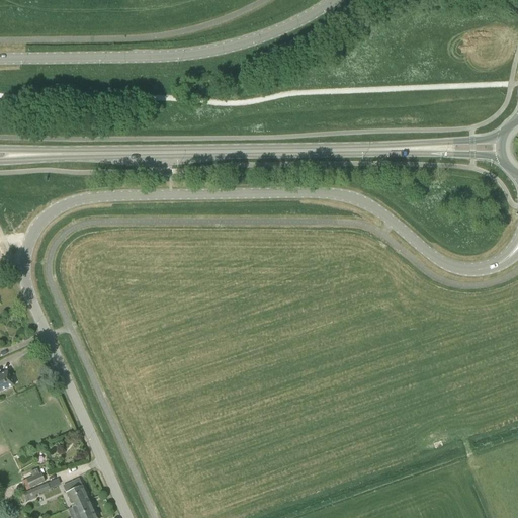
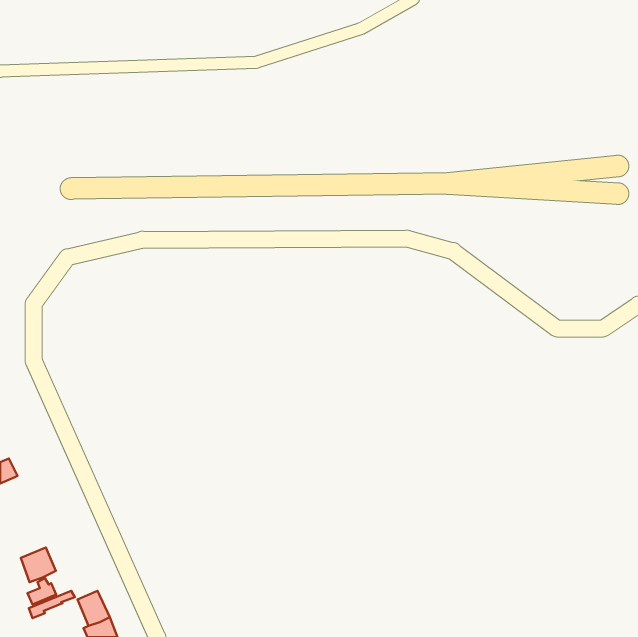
building: none -> [21,547,56,582]

